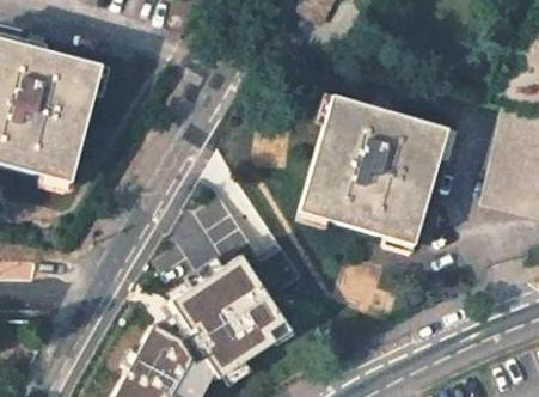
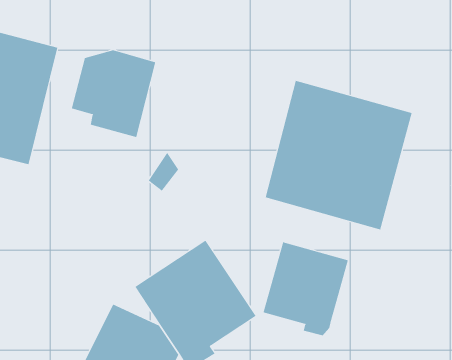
building: none -> [71,50,156,138]
building: none -> [263,242,348,336]

